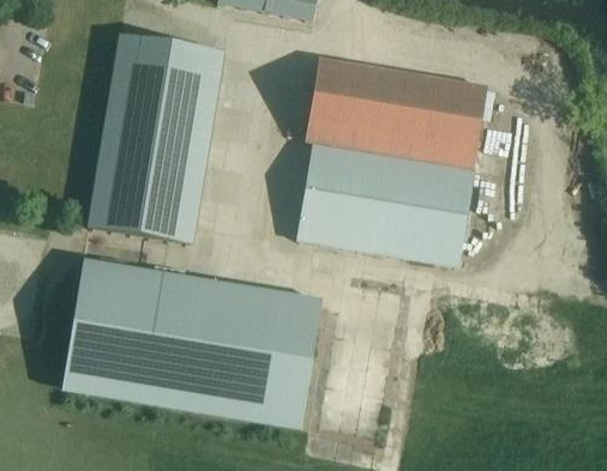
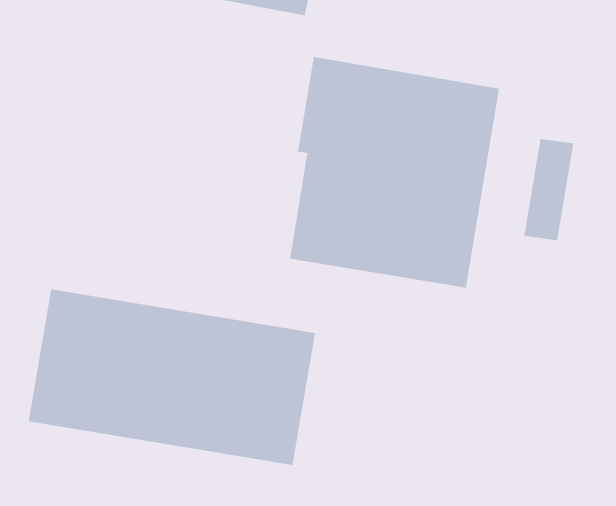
building: [90,32,222,241] -> none
building: none -> [523,138,574,241]

